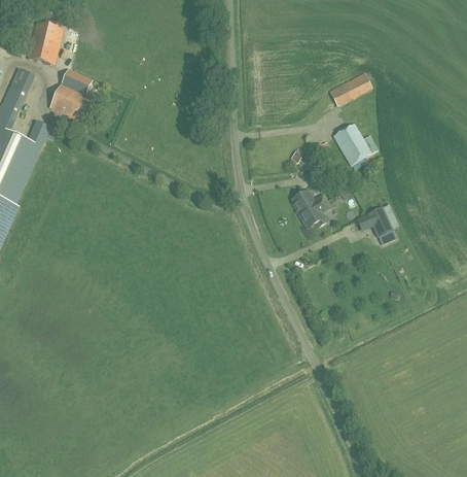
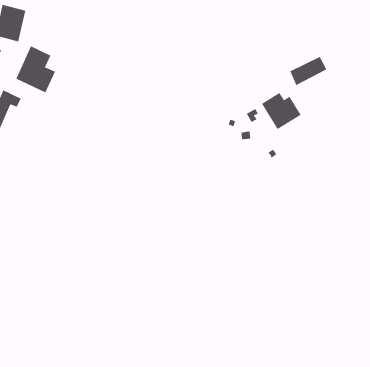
building: [329,72,372,106] -> [290,56,327,86]
building: [292,190,330,228] -> none
building: [366,206,393,237] -> none

